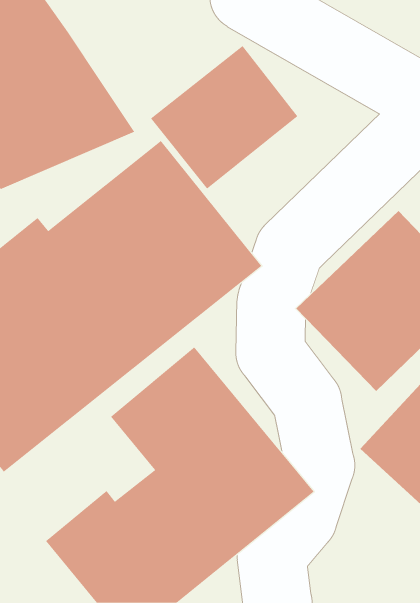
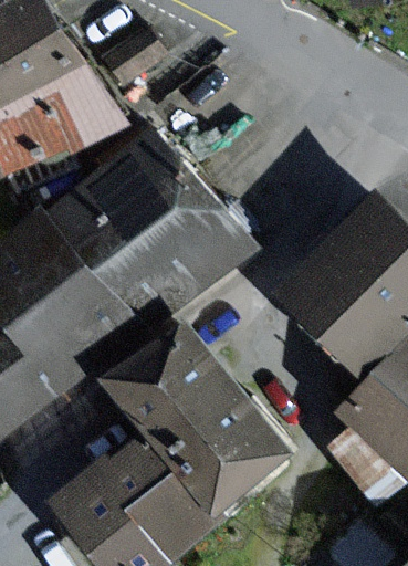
building: [150,45,298,189] -> none

